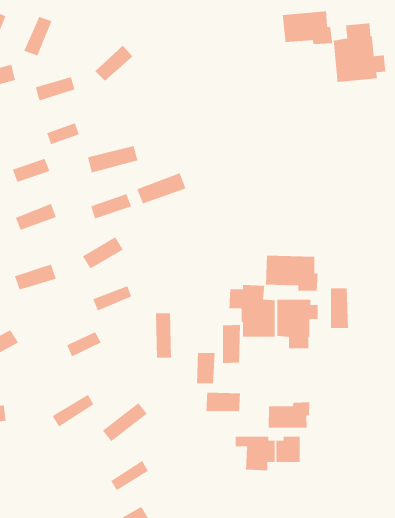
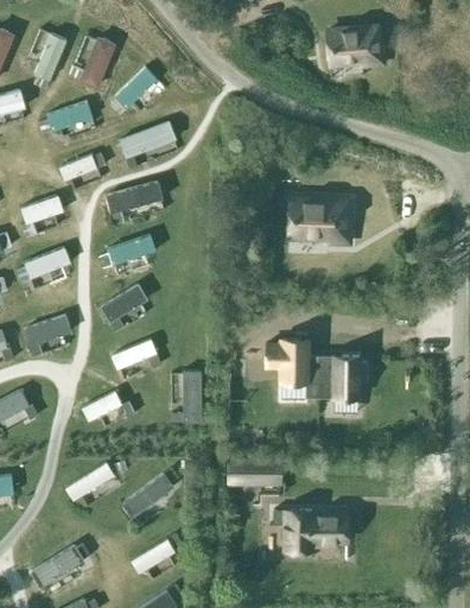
building: none -> [78,36,115,88]
building: [333,23,386,83] -> none
building: [136,172,187,205] -> [119,120,176,157]
building: [265,255,318,292] -> [290,201,350,242]
building: [330,287,349,329] -> none
building: [222,324,241,364] -> none
building: [196,352,216,384] -> none
building: [268,401,310,429] -> none
building: none -> [31,544,84,589]

